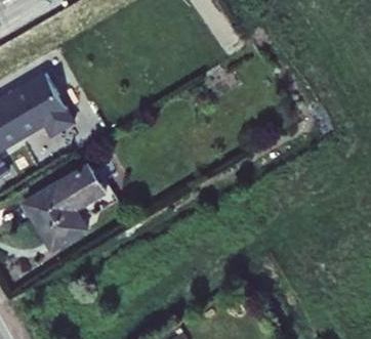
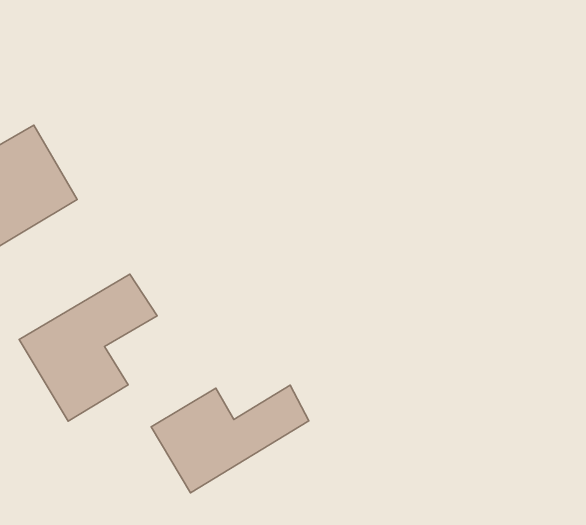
building: none -> [151,385,309,493]

